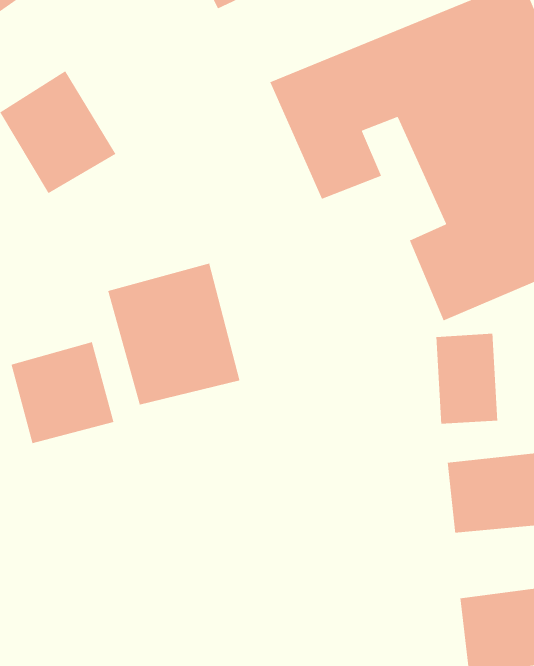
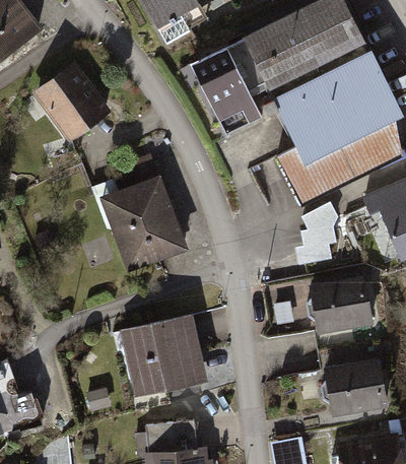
building: [11,341,115,444] -> none
building: none -> [123,316,207,396]

